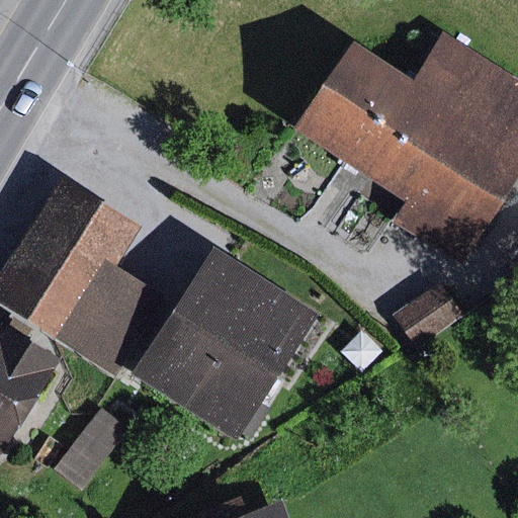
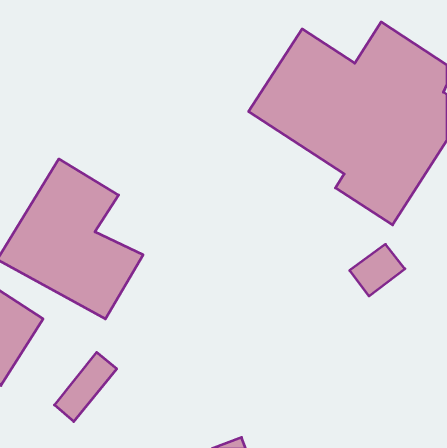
building: [152,256,316,431] -> none

